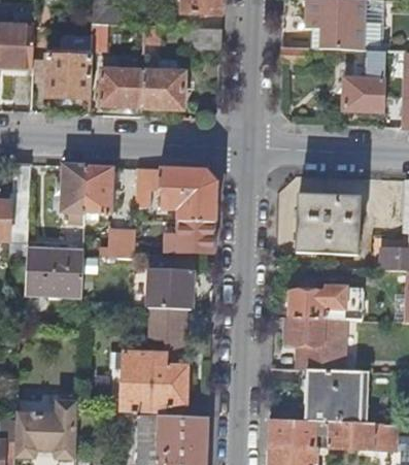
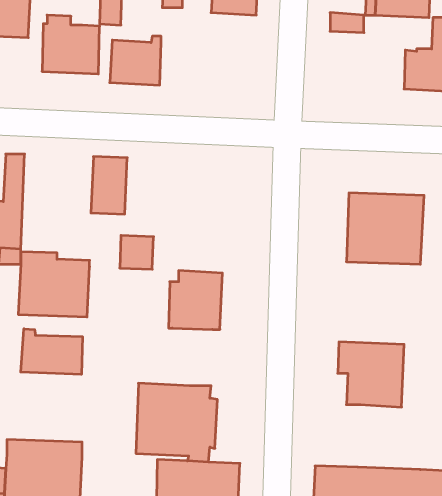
building: [141,60,183,108] -> none
building: [63,164,87,223] -> none
building: [137,168,215,250] -> none
building: [288,286,362,320] -> none
building: [150,306,184,354] -> none
building: none -> [21,329,82,374]
building: [304,369,357,423] -> none

